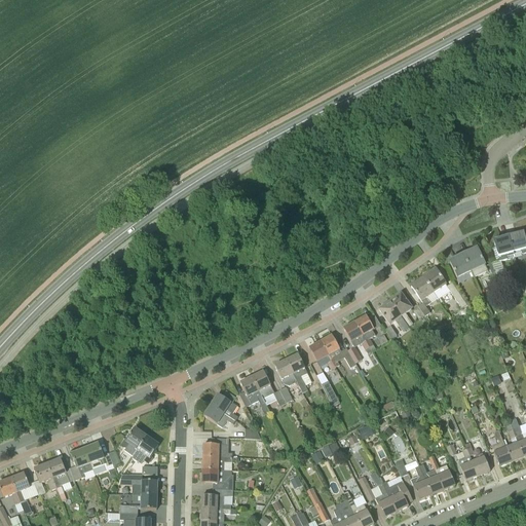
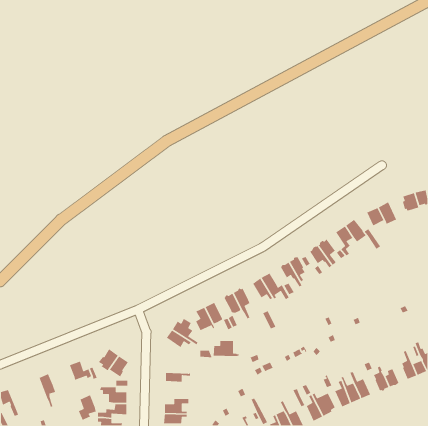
building: [202,437,235,457] -> [213,340,240,357]
building: [69,447,92,480] -> [78,394,97,421]
building: [34,462,57,494] -> none
building: [201,467,232,488] -> none
building: [10,472,31,513] -> none

